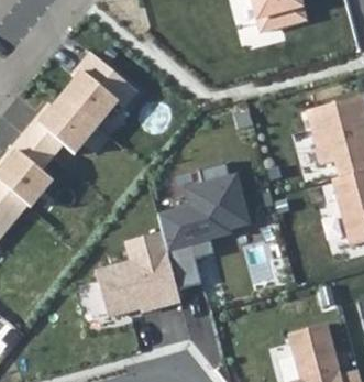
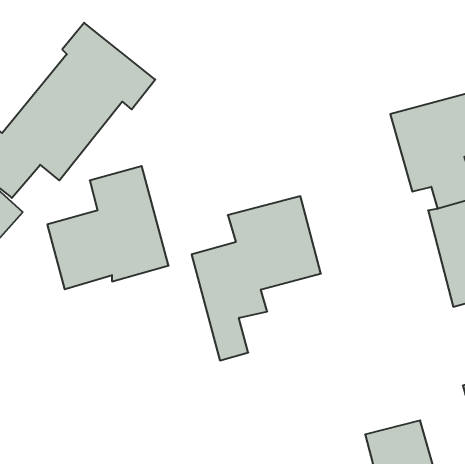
building: [95,234,179,320] -> [47,166,169,289]

